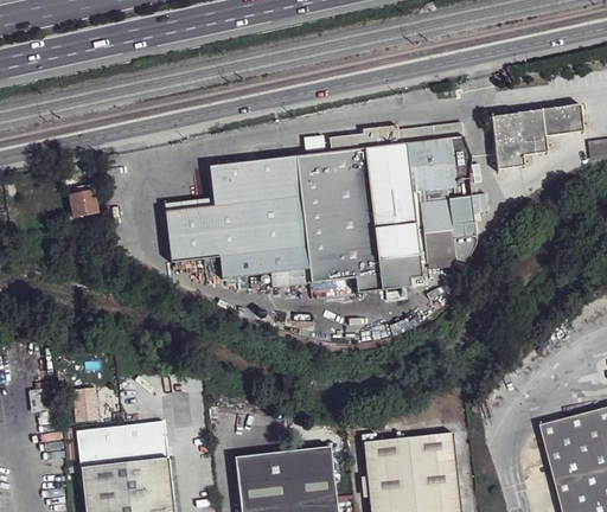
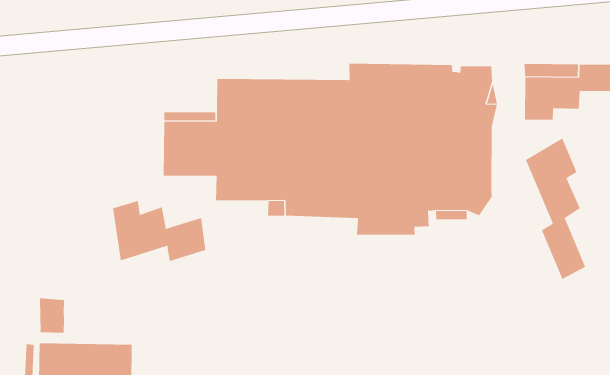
building: none -> [525,137,586,280]
building: [69,190,97,216] -> none
building: none -> [113,200,206,262]

